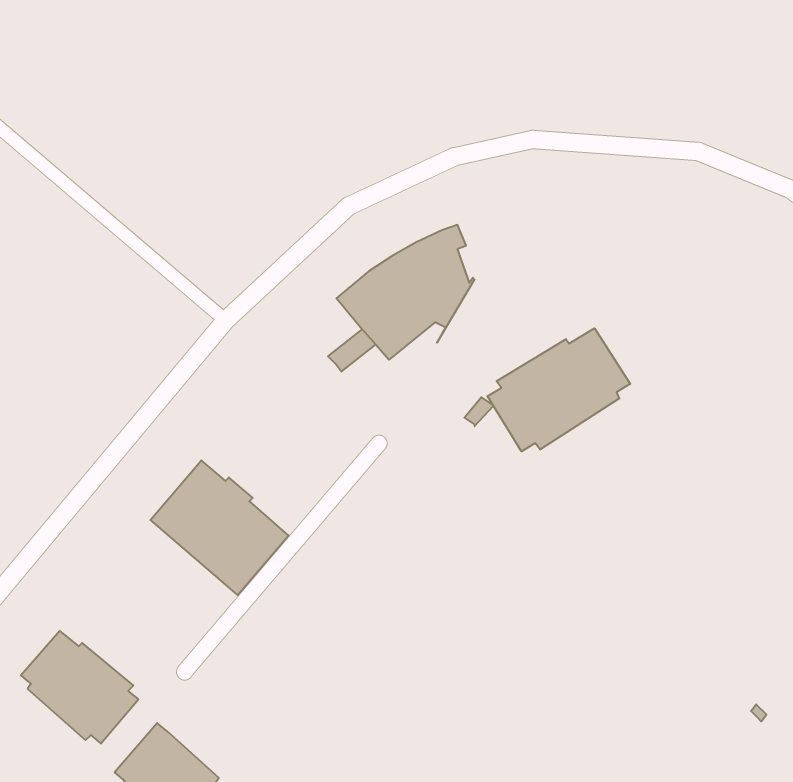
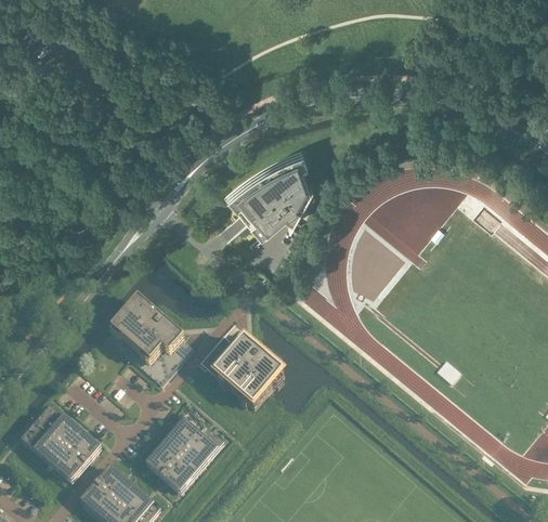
building: [487,328,630,451] -> none
building: none -> [200,330,284,406]
building: none -> [147,415,221,488]

